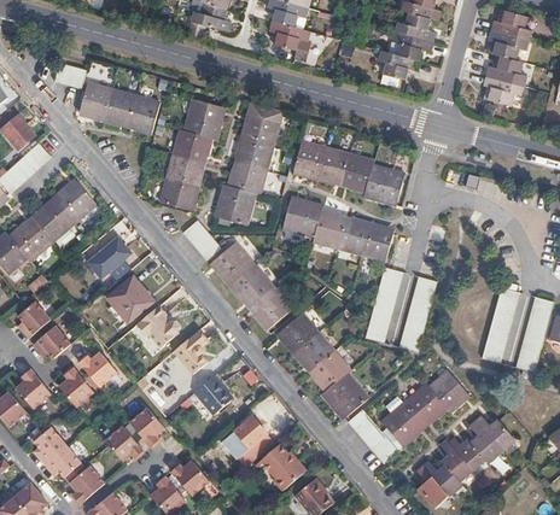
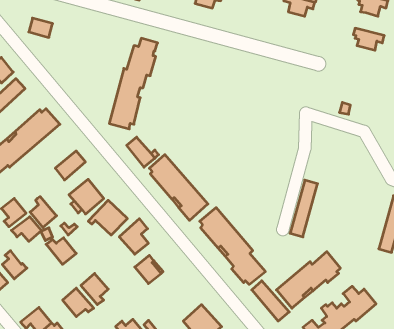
building: [379,51,419,80] -> none
building: [485,55,526,86] -> none
building: [80,82,159,133] -> none
building: [216,115,278,224] -> none
building: [294,141,404,203] -> none
building: [282,198,392,261] -> none
building: [364,267,401,341] -> none
building: [482,287,518,362] -> none
building: [59,365,94,406] -> [30,197,57,228]
building: [222,415,267,458] -> none
building: [33,423,68,463] -> none

